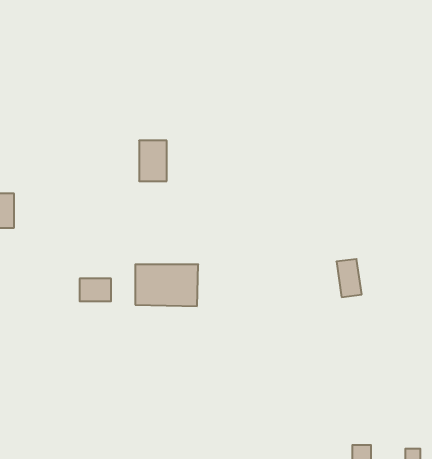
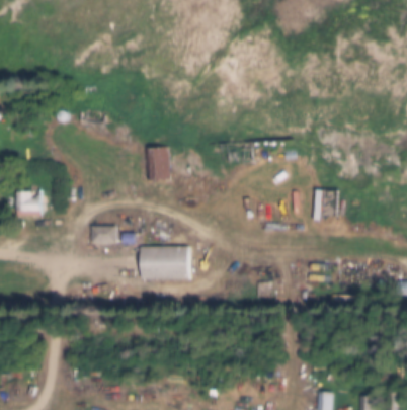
building: [336,259,362,297] -> [316,189,336,220]
building: [80,279,111,301] -> [90,226,115,244]

